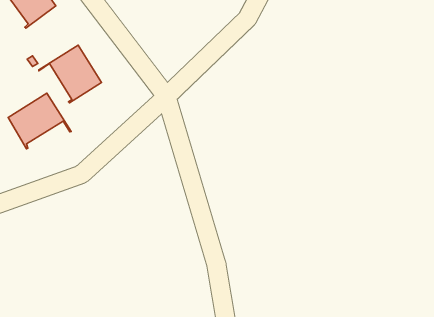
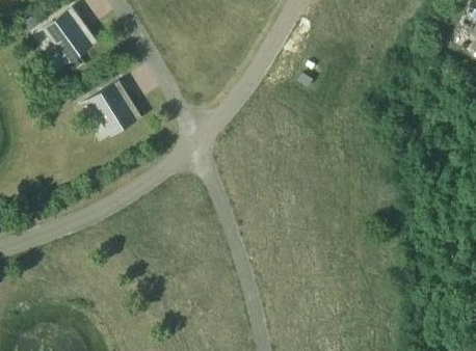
building: [8,93,71,149] -> none

